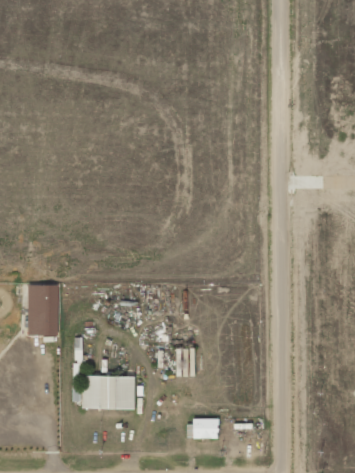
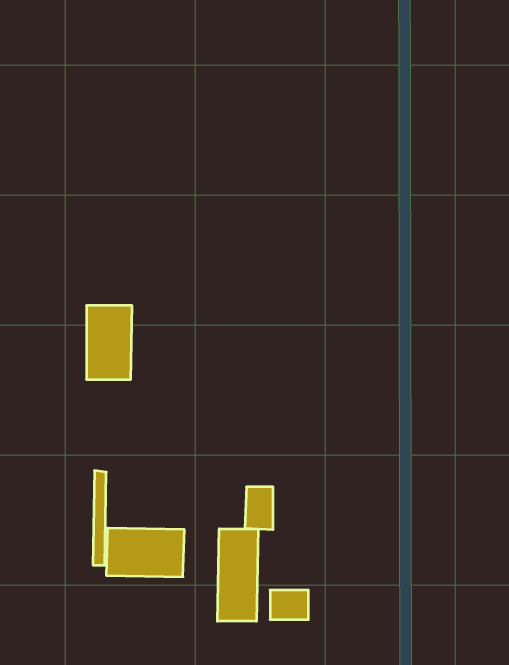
building: [28,285,59,335] -> [86,306,132,379]
building: none -> [217,529,258,621]

